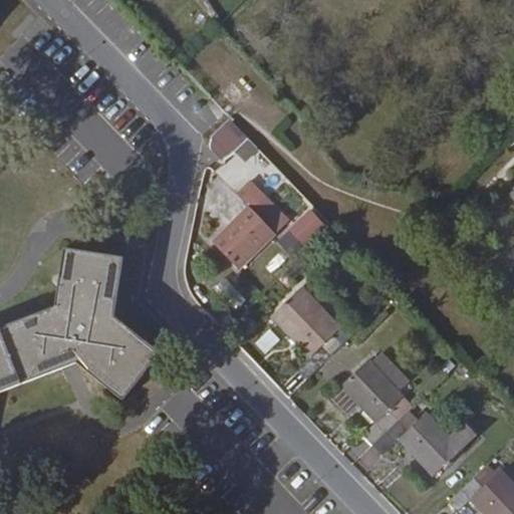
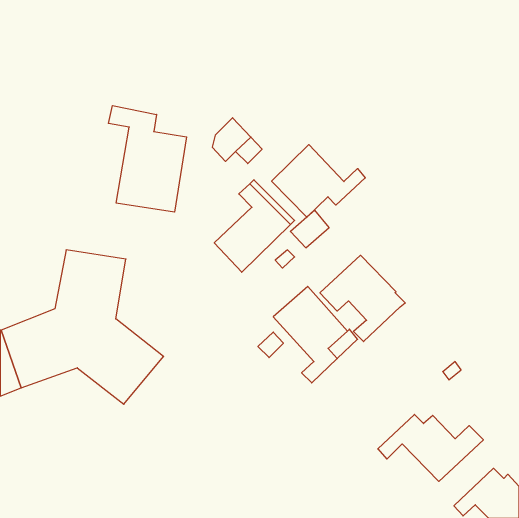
building: none -> [108,106,187,212]
building: none -> [272,145,365,217]
building: [330,358,415,444] -> [320,255,405,342]

